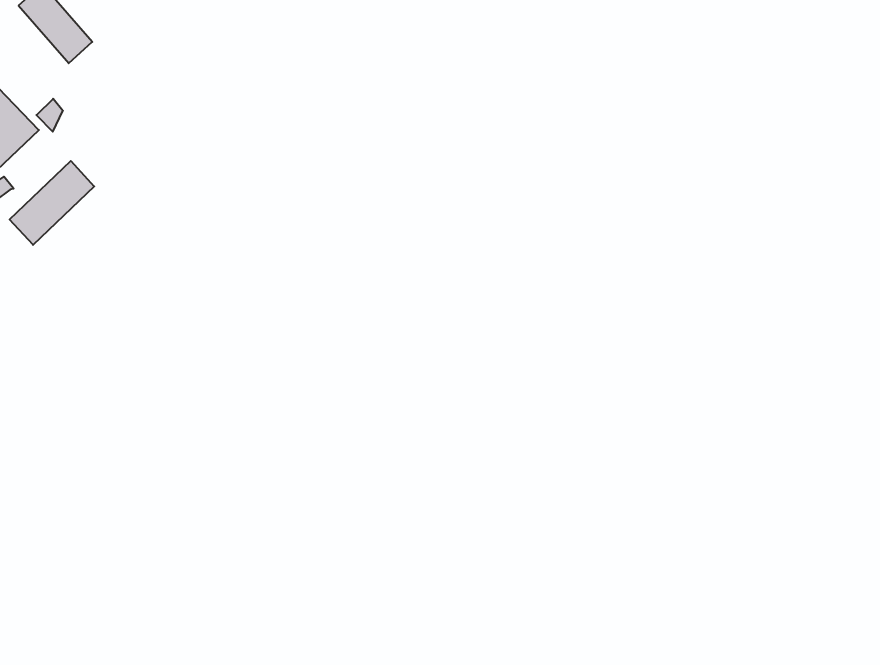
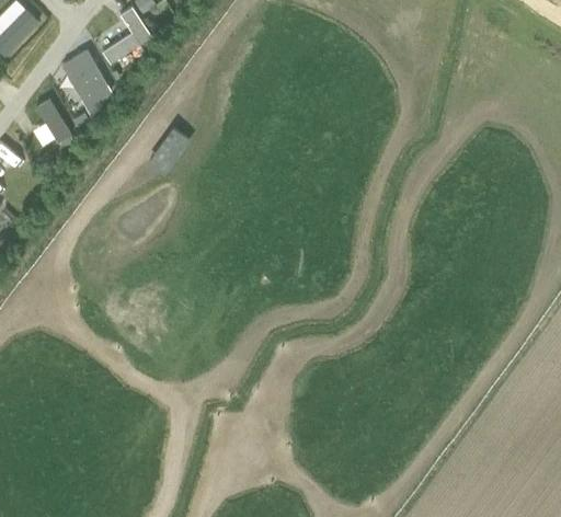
building: [10,161,94,245] -> none

